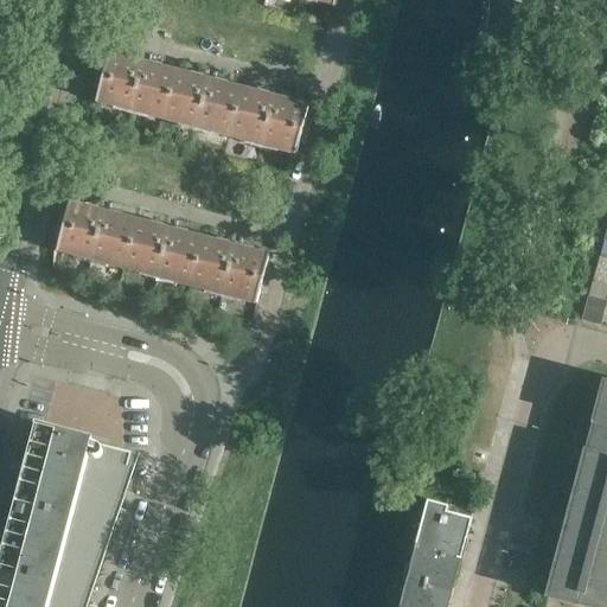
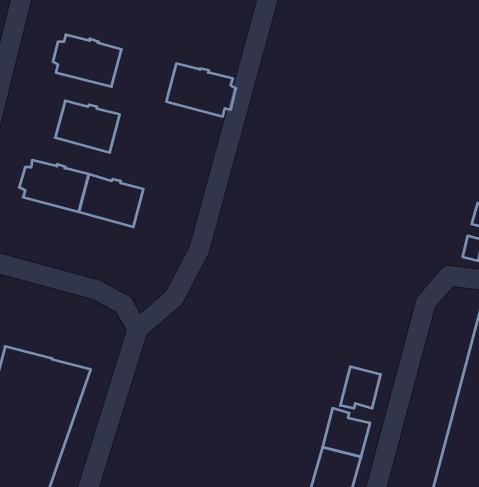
building: [162,71,239,133] -> [55,101,120,152]
building: [189,237,271,300] -> none
building: none -> [340,367,381,408]

